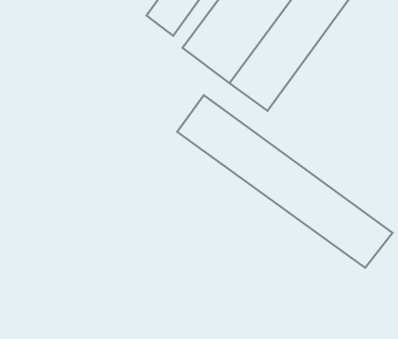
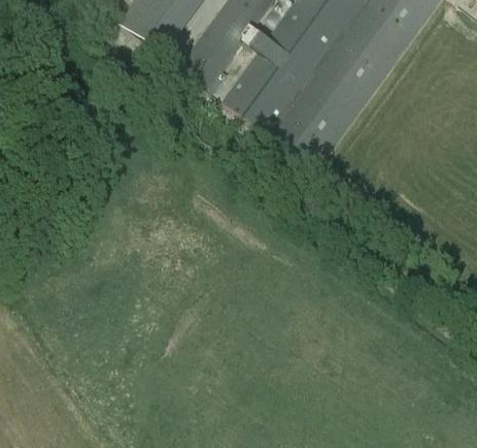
building: [177,95,393,268] -> none

